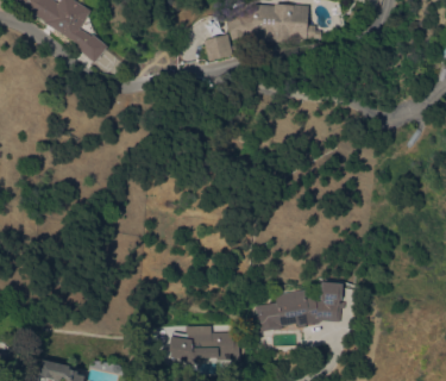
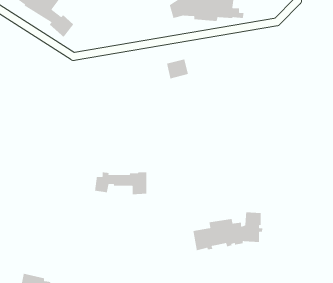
building: [203,33,232,60] -> [166,59,189,79]
building: [168,330,234,360] -> [94,171,147,195]

